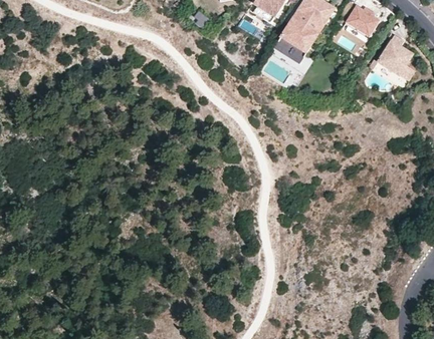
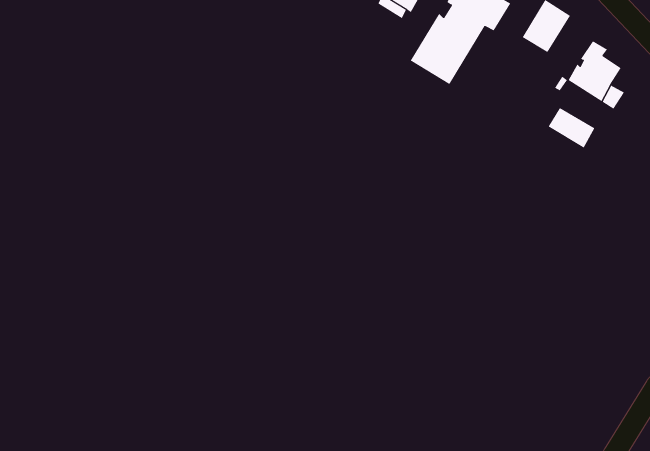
building: none -> [548,107,595,149]

